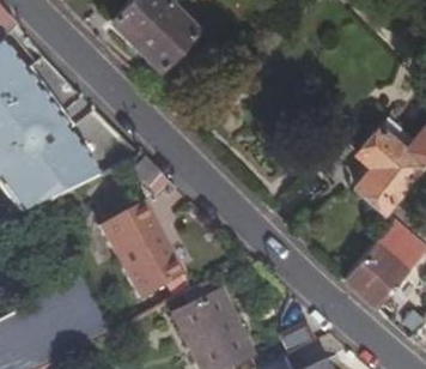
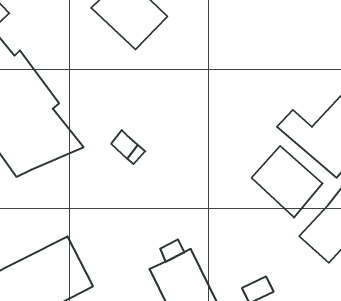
building: none -> [252,146,323,218]
building: [99,200,184,297] -> none

